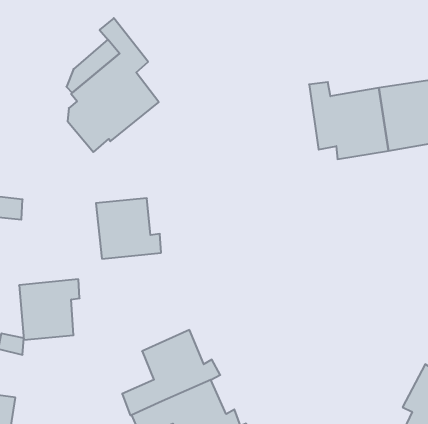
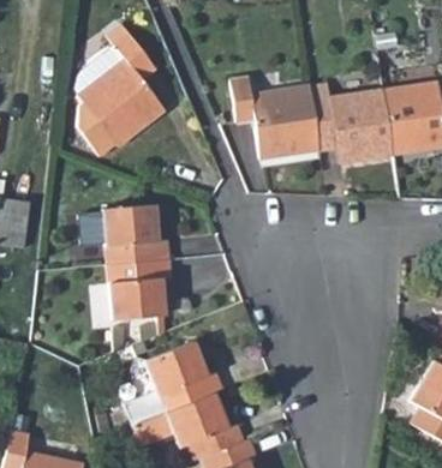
building: none -> [233,83,325,164]
building: [19,279,80,340] -> [106,259,167,320]

